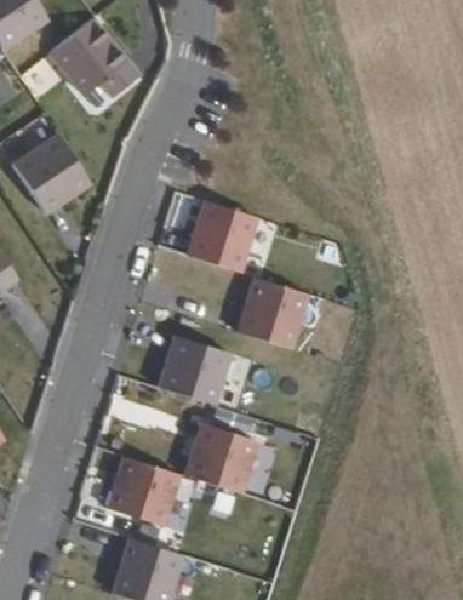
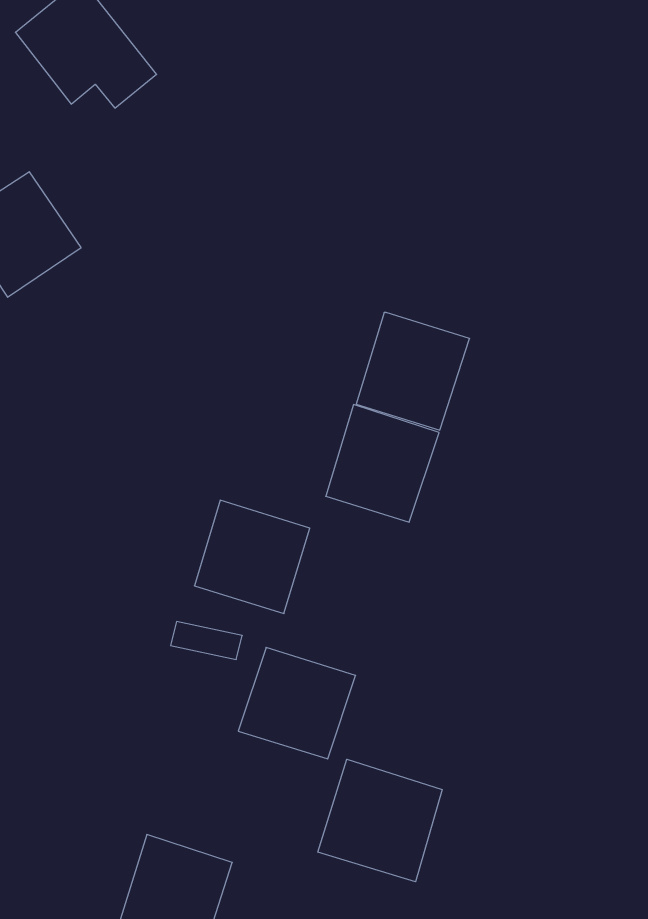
building: [188,199,257,270] -> [356,313,470,430]
building: [107,456,178,525] -> none
building: none -> [318,759,442,882]

